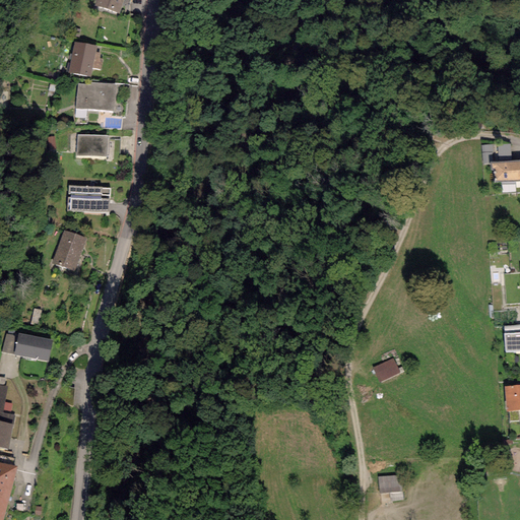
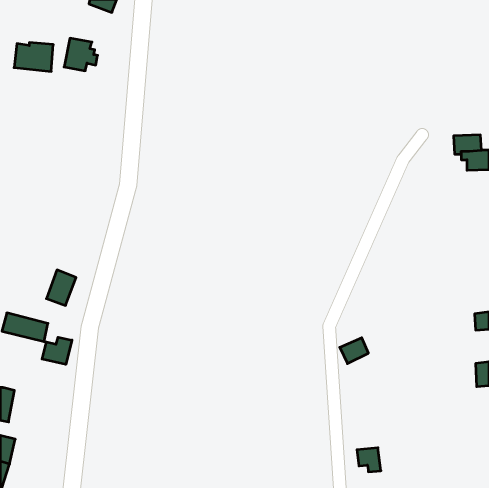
building: [75,81,117,112] -> [14,43,53,71]
building: [77,134,108,155] -> none
building: [67,185,110,211] -> none
building: [55,233,86,270] -> [46,270,76,305]
building: none -> [42,337,72,364]

